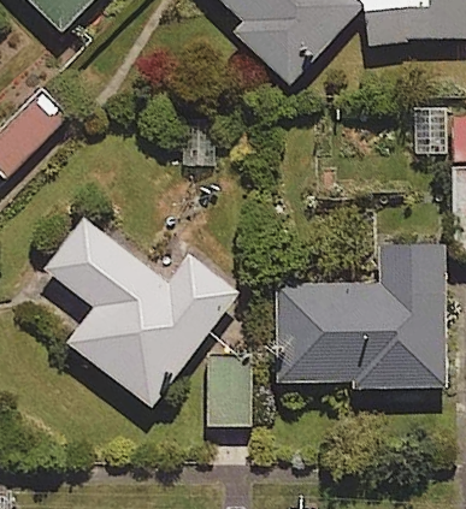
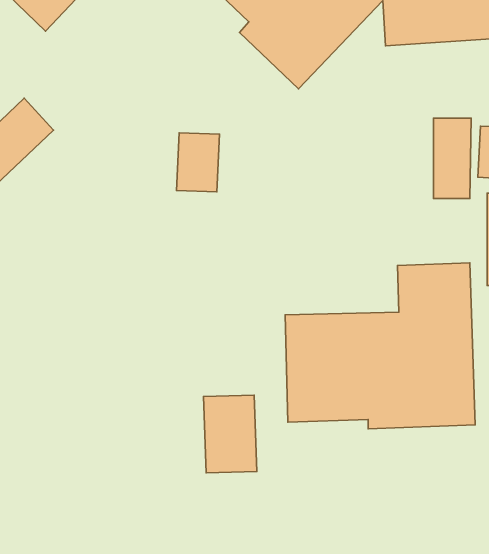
building: [47,220,237,406] -> none

